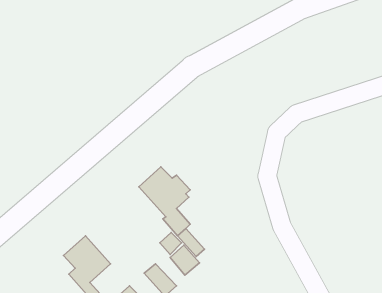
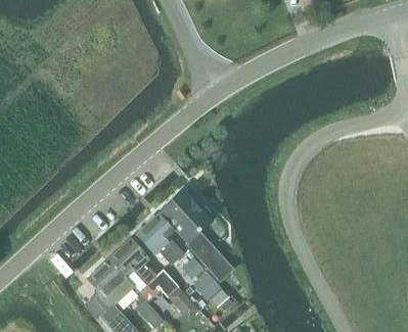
building: none -> [137,214,184,264]
building: none -> [109,238,169,290]

